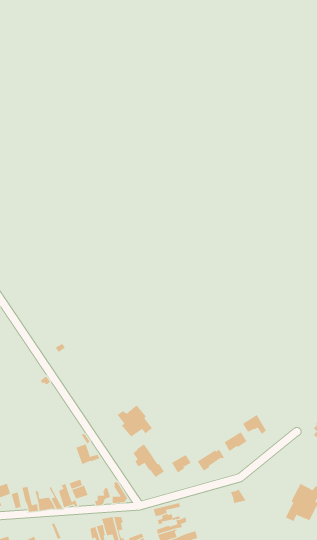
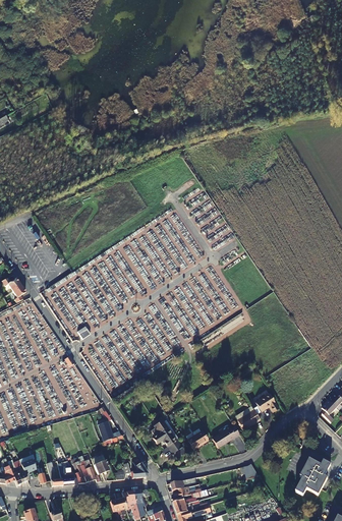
building: [117,404,153,438] -> none

